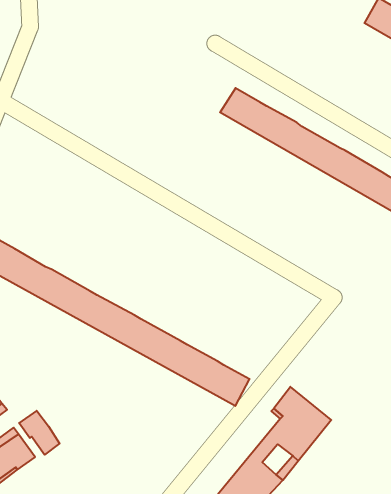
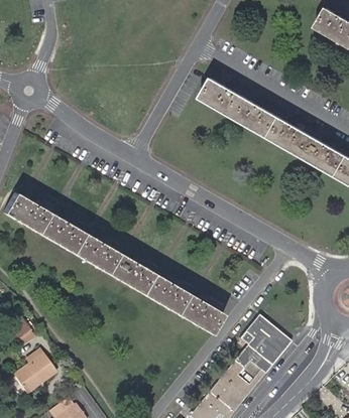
building: [19,411,60,455] -> none

